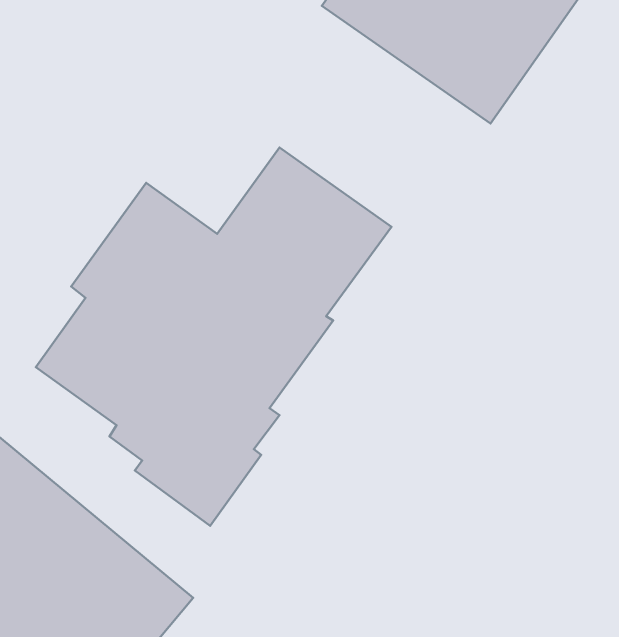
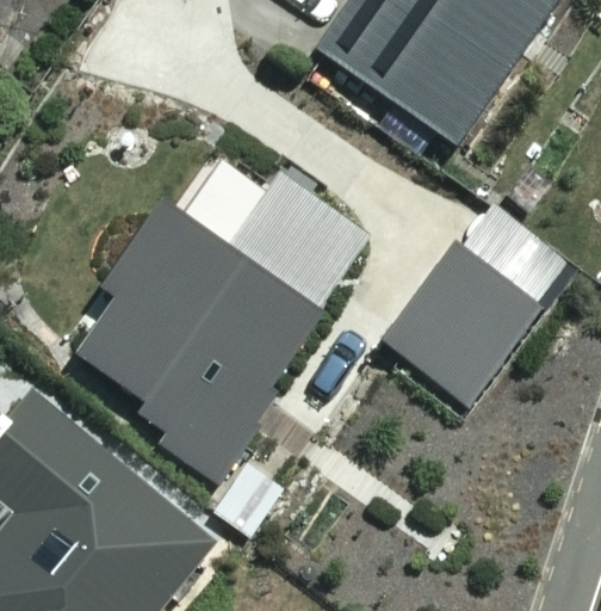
building: none -> [380,239,545,405]

